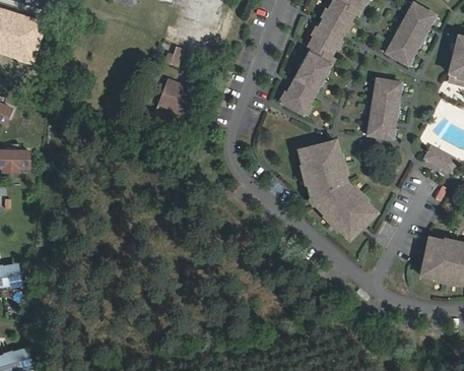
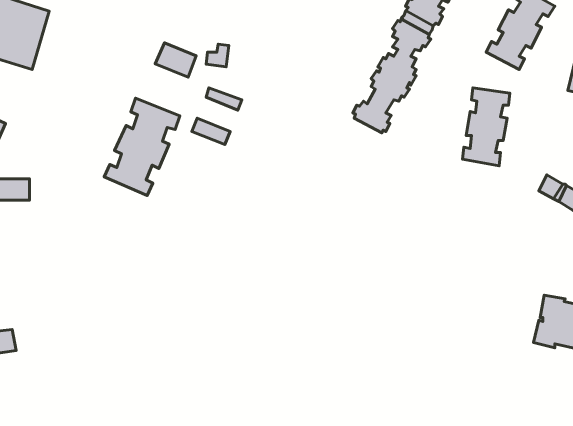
building: [160,85,192,112] -> [155,43,196,77]
building: none -> [104,98,180,196]
building: [297,140,376,240] -> none

